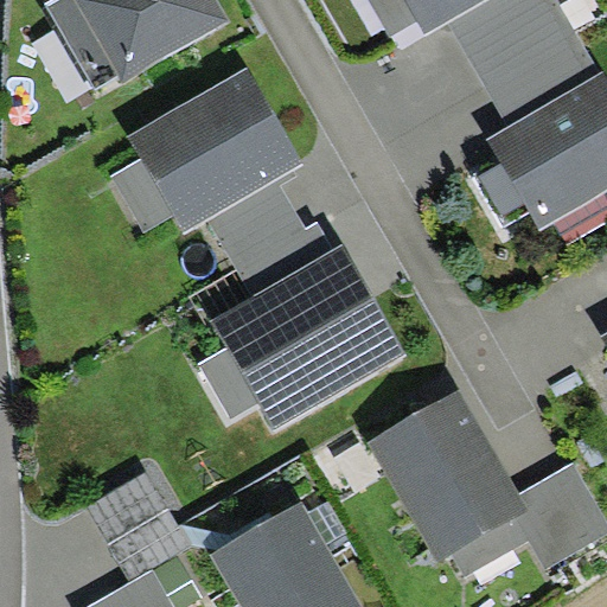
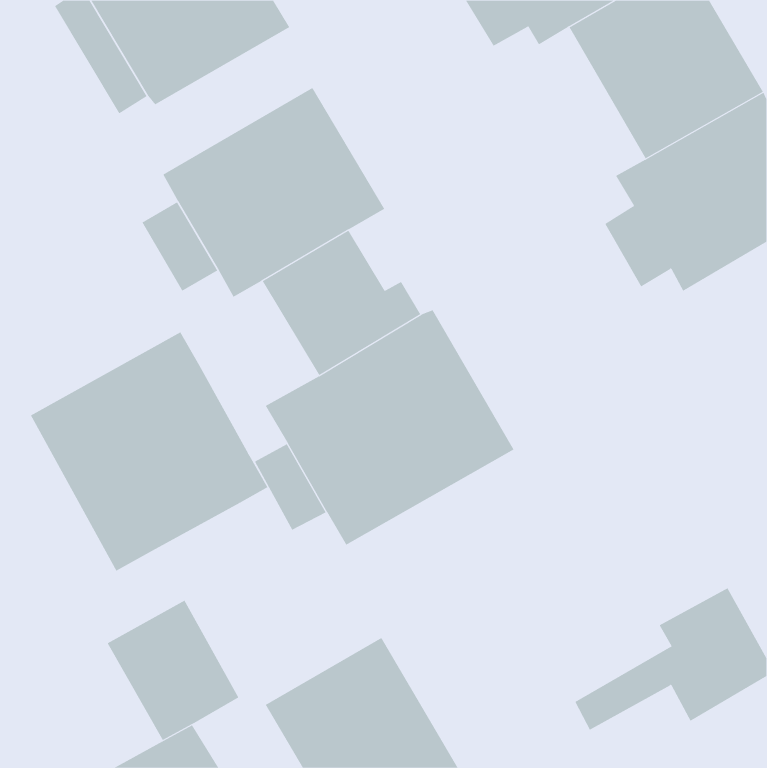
building: none -> [30,331,268,572]
building: [369,390,529,562] -> none

